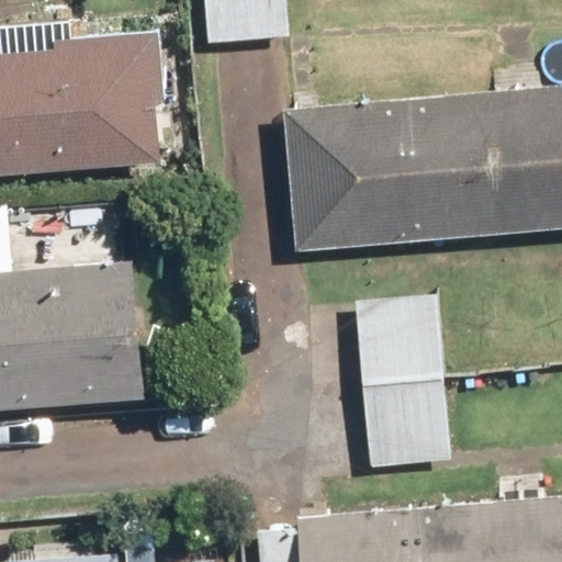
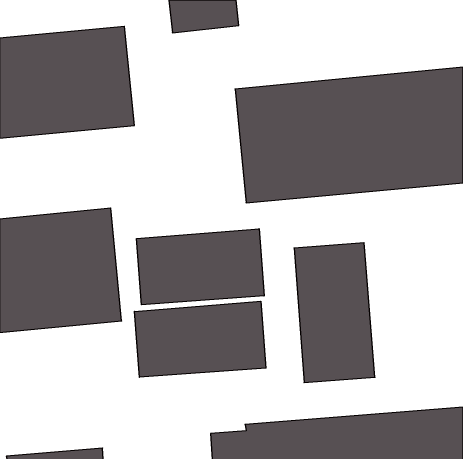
building: none -> [137,229,264,305]
building: none -> [134,301,266,377]

